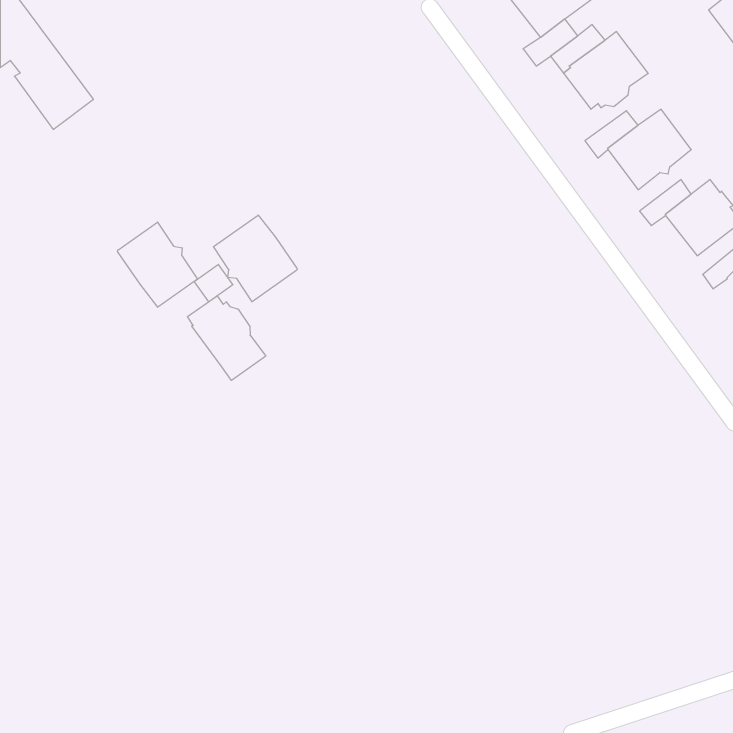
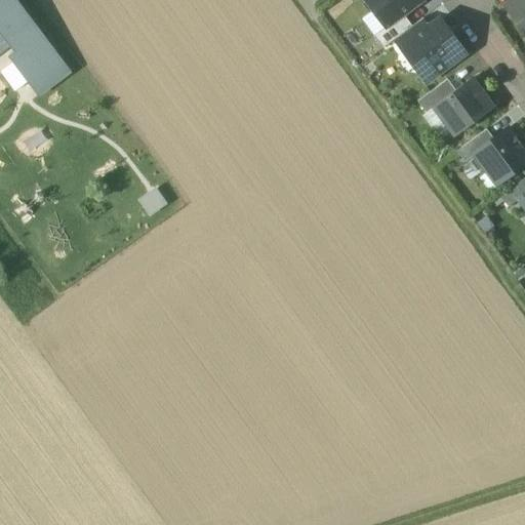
building: [214,215,297,302] -> none
building: [117,222,198,307] -> none
building: [187,296,266,380] -> none

